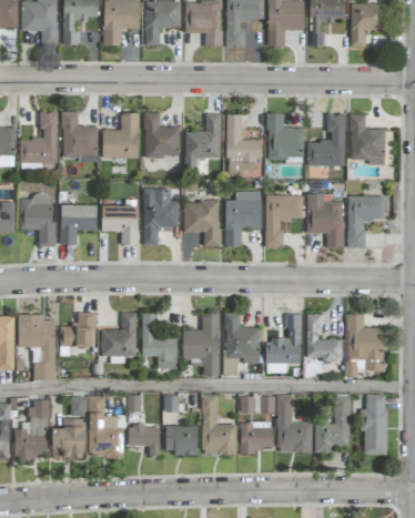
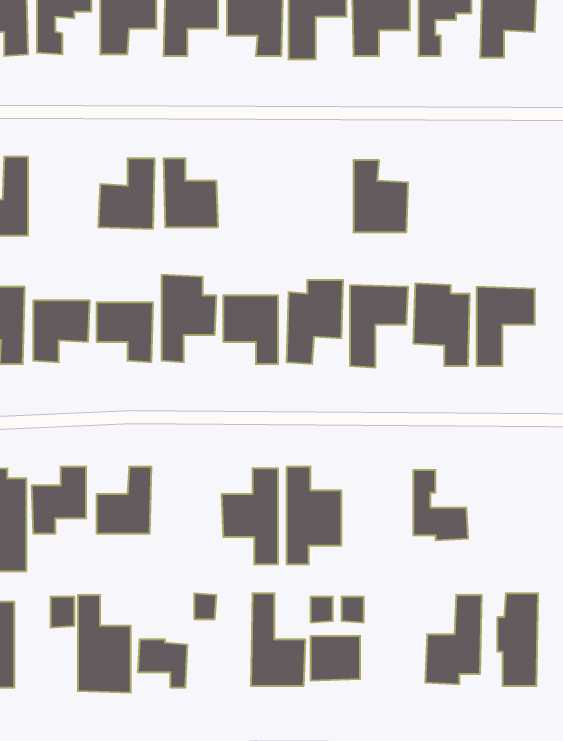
building: [62,112,98,158] -> none
building: [184,114,220,166] -> none
building: [306,114,345,166] -> none
building: [226,115,261,172] -> none
building: [350,115,385,165] -> none
building: [141,313,178,369] -> none
building: [265,314,301,374] -> none
building: [345,314,384,377] -> none
building: [276,396,312,453] -> none
building: [52,419,84,460] -> none
building: [165,426,198,456] -> none

